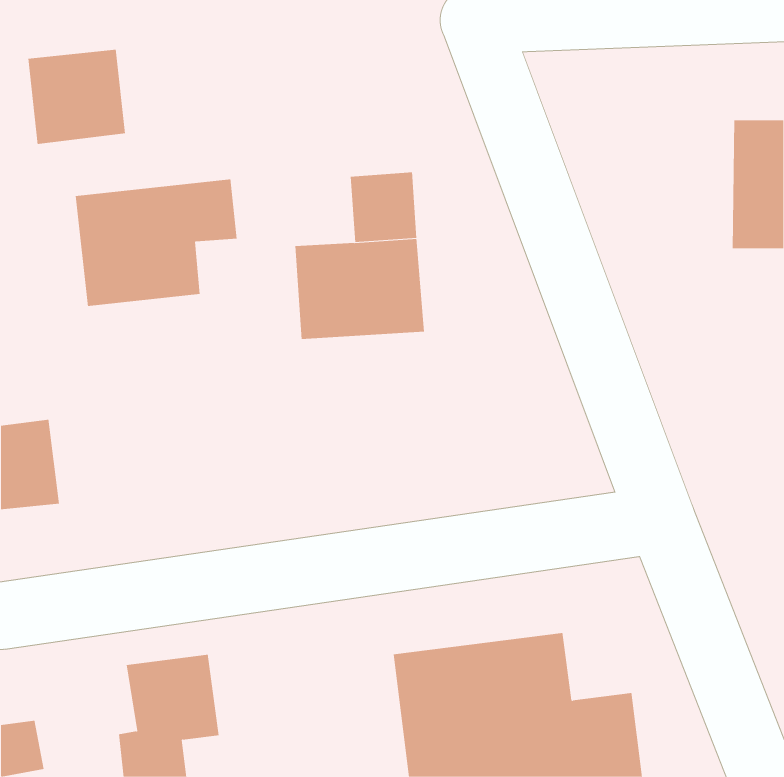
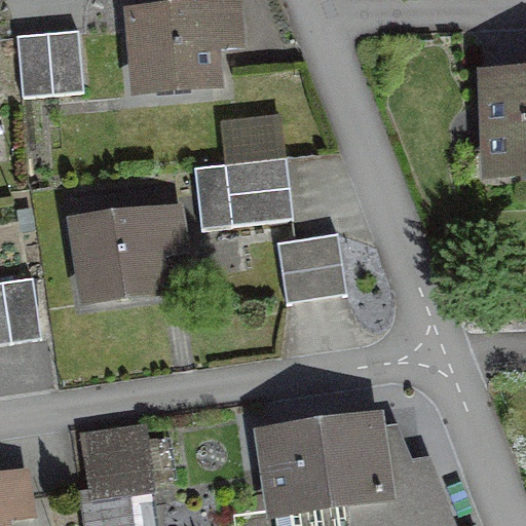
building: none -> [133,4,236,86]
building: [75,179,237,306] -> [75,211,184,296]
building: none -> [276,233,340,298]

